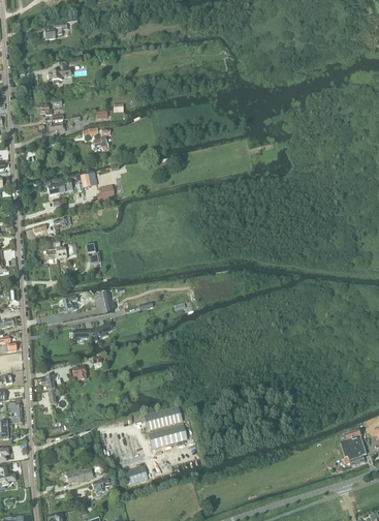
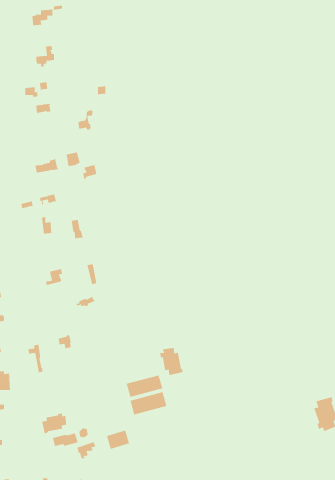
building: none -> [160,347,184,376]
building: none -> [42,412,67,434]

